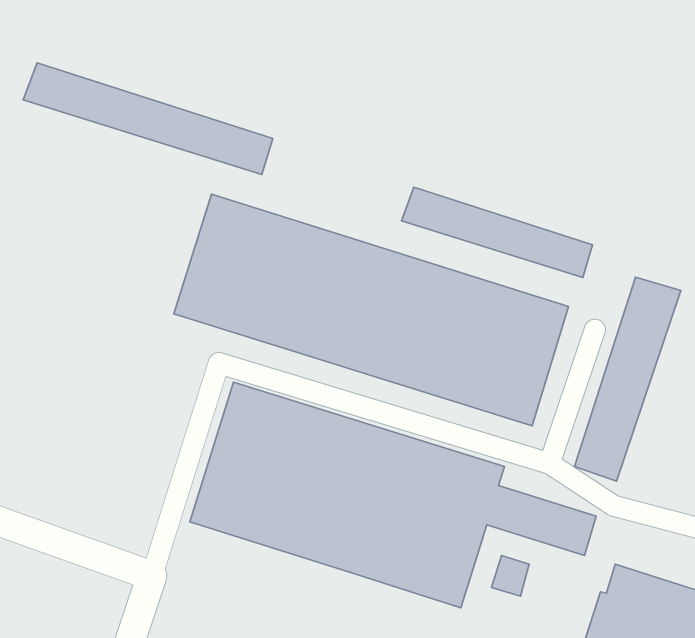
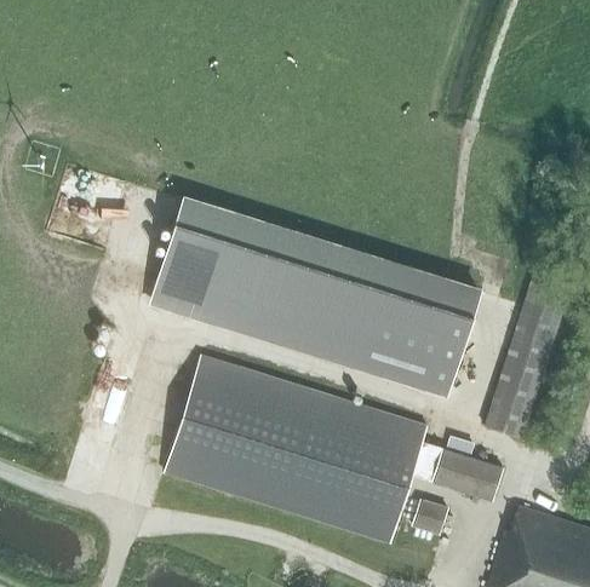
building: [23,63,273,175] -> none
building: [401,187,593,278] -> none

